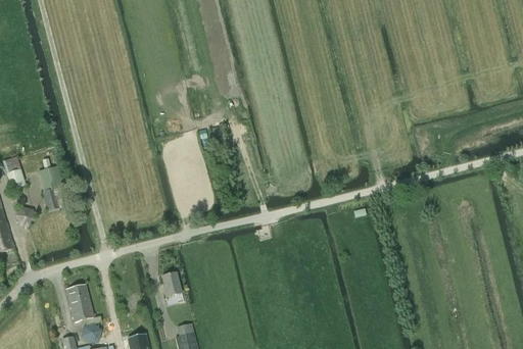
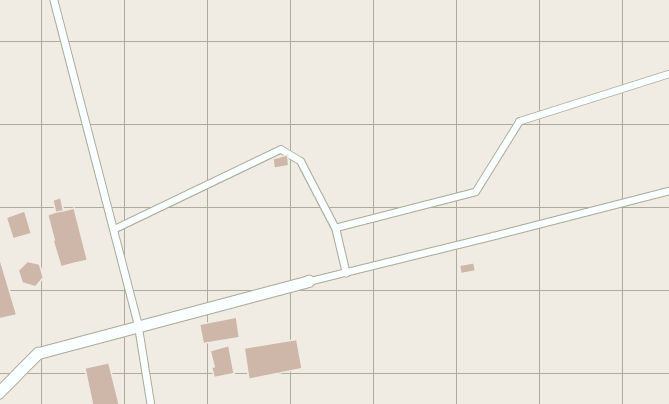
building: none -> [200,317,240,344]
building: none -> [244,340,302,379]

